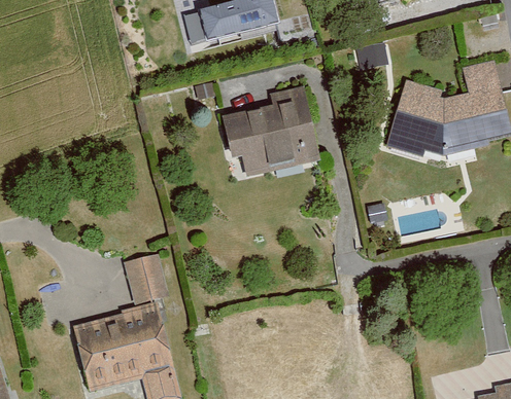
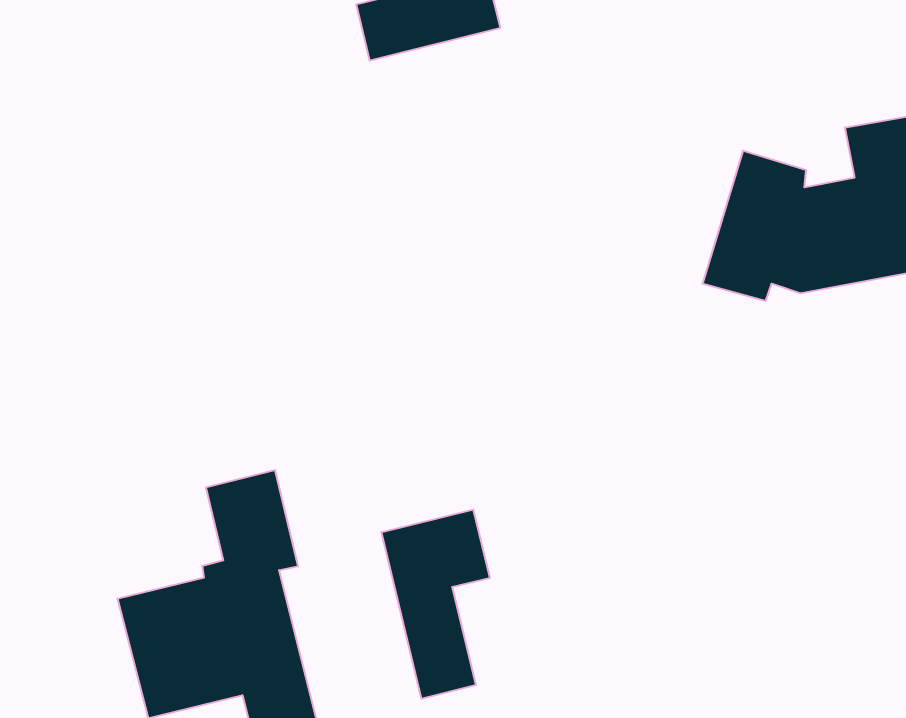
building: [226,81,319,175] -> none
building: none -> [381,509,490,699]

